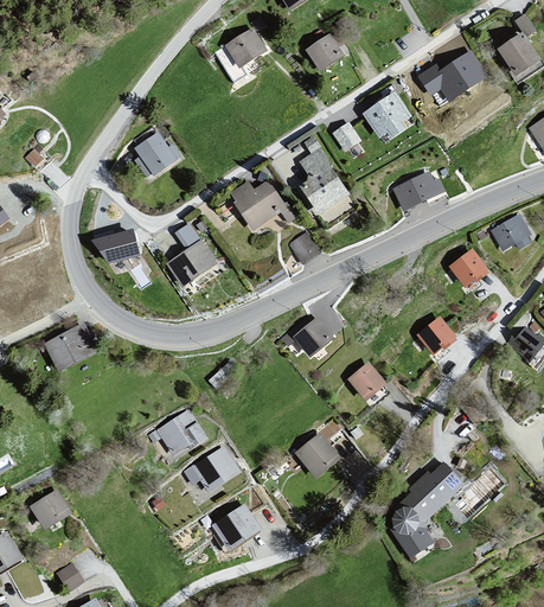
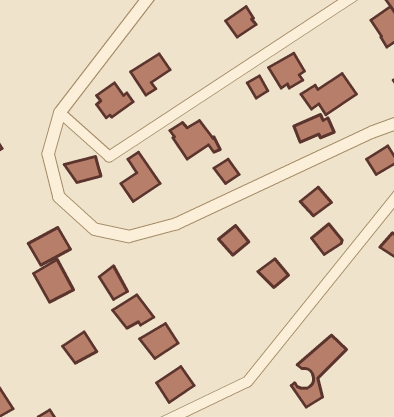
building: [213,27,265,82] -> [131,54,170,95]
building: [416,47,489,102] -> [301,73,356,115]
building: [297,147,350,213] -> none
building: [449,249,491,287] -> [300,187,331,216]
building: none -> [33,260,73,302]
building: none -> [99,266,127,300]
building: [295,434,340,478] -> none
building: [28,488,73,530] -> [63,332,97,363]
building: [393,507,420,533] -> none

